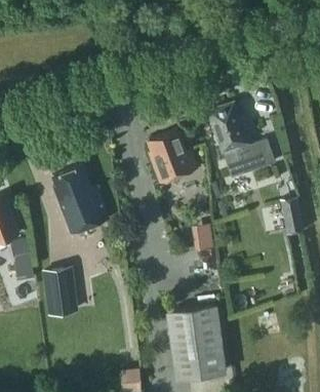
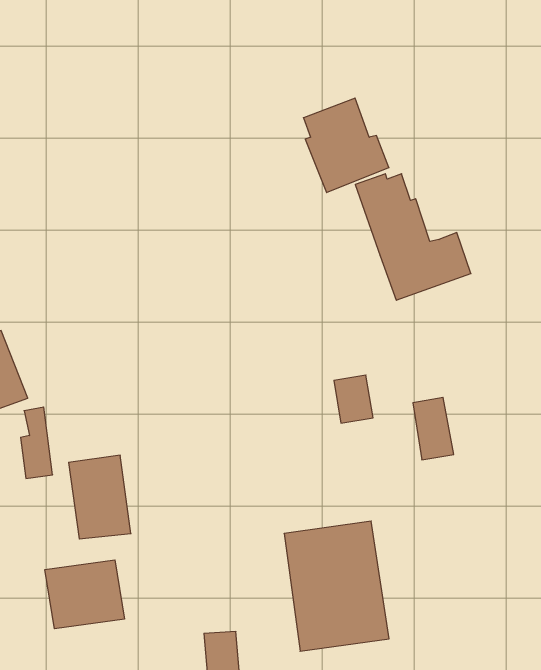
building: [147,129,196,184] -> [303,98,389,193]
building: [51,165,108,234] -> none
building: [280,198,304,234] -> [413,397,454,460]
building: none -> [45,560,124,629]

